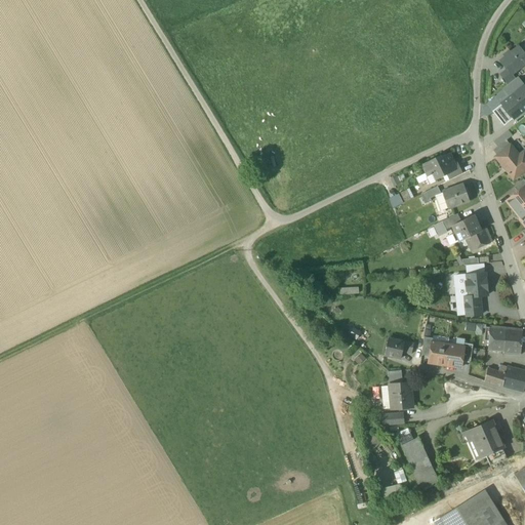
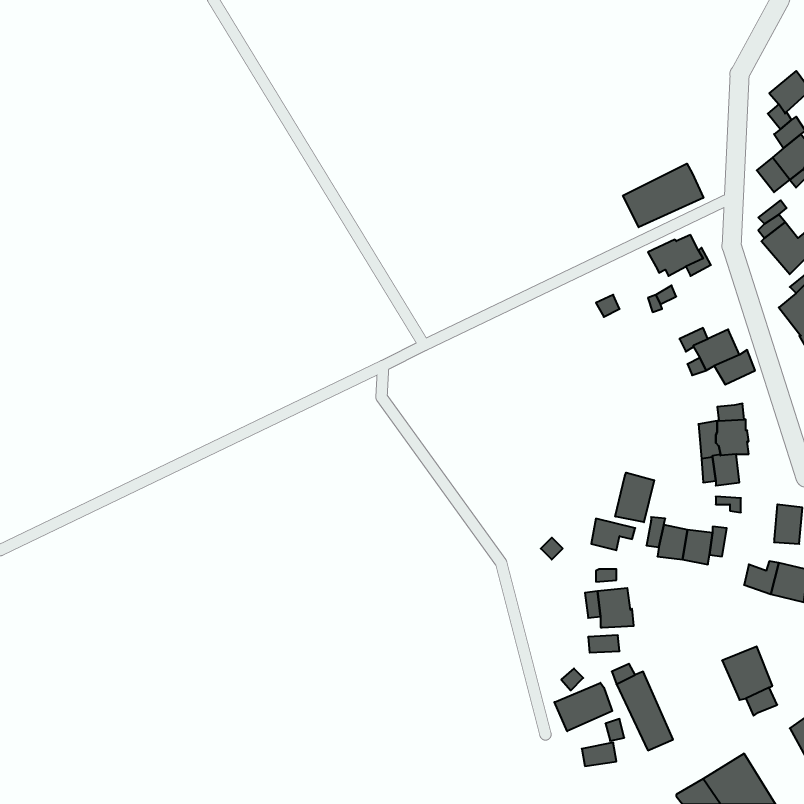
building: none -> [623,164,703,227]
building: [443,185,470,208] -> none
building: none -> [615,473,654,522]
building: [486,326,507,351] -> none
building: none -> [554,683,612,731]

